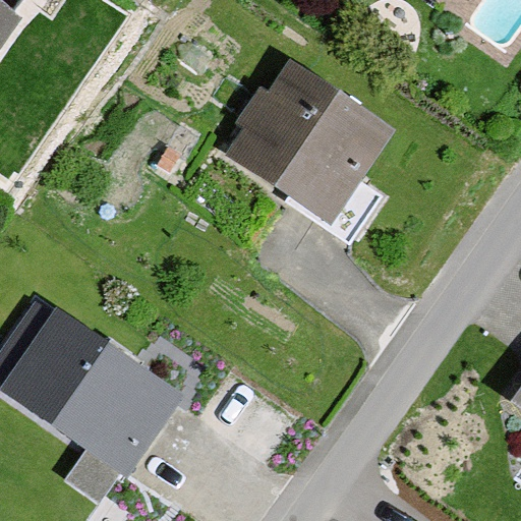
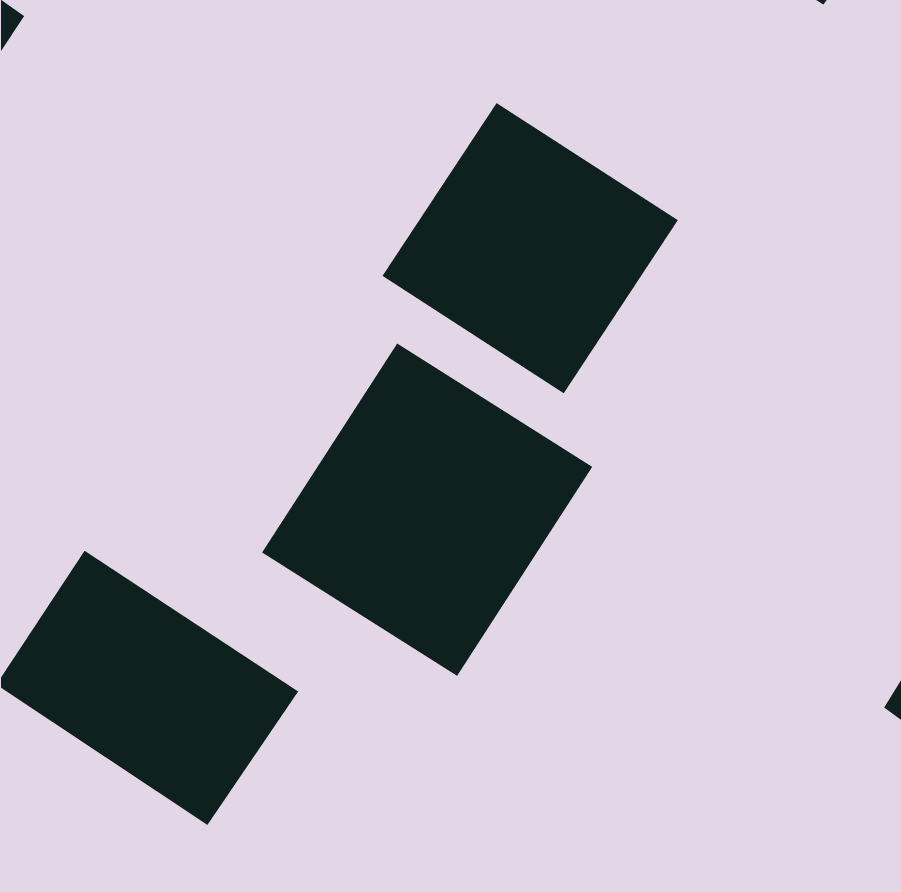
building: none -> [261,342,593,677]

